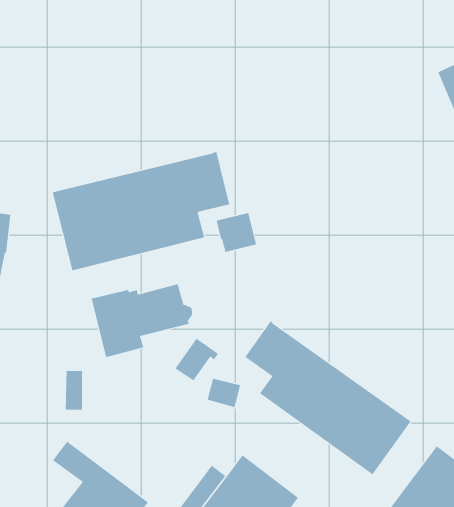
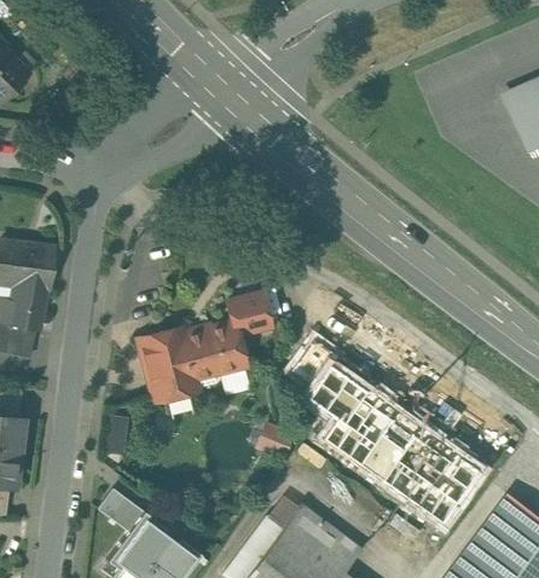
building: [52,151,230,271] -> none
building: [216,213,257,252] -> [226,293,270,335]
building: [175,338,219,381] -> [291,340,338,386]

